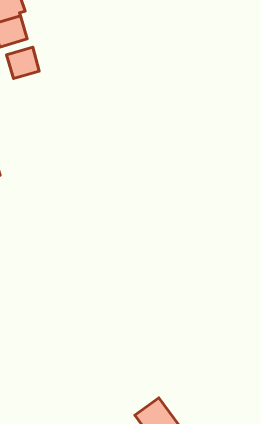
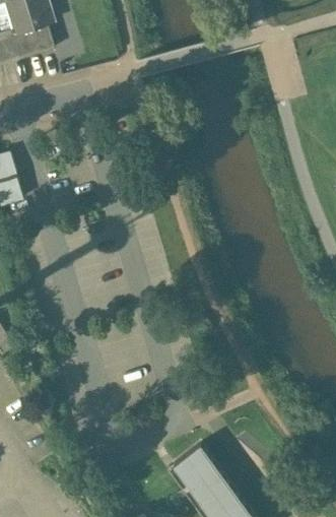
building: [7,47,39,78] -> none

